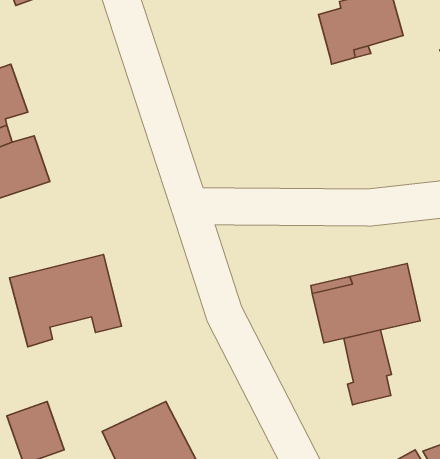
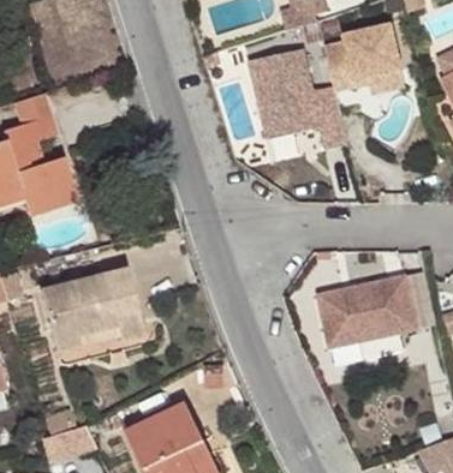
building: none -> [251,50,352,150]
building: [344,330,391,405] -> none

